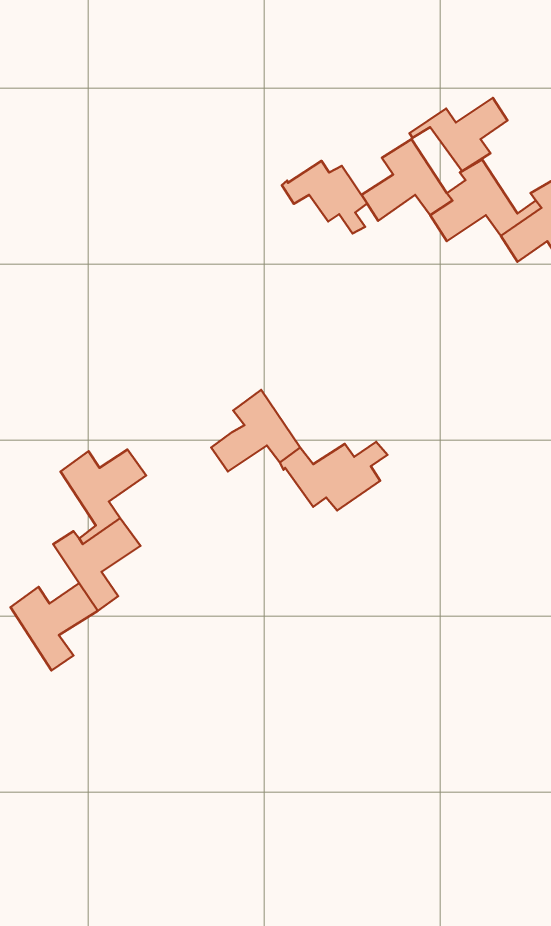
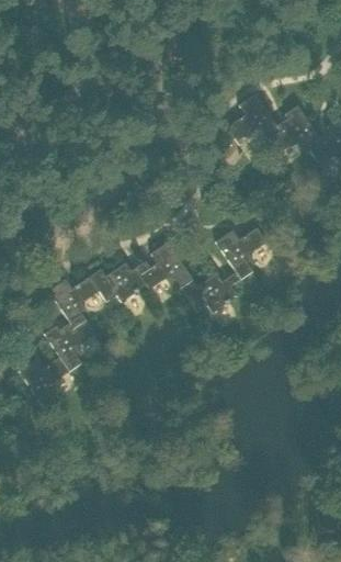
building: [409,98,507,171] -> none
building: [282,161,367,233] -> none
building: none -> [216,226,268,279]
building: none -> [89,259,150,301]

